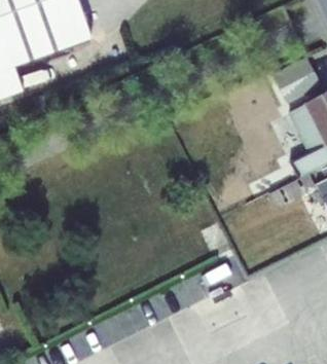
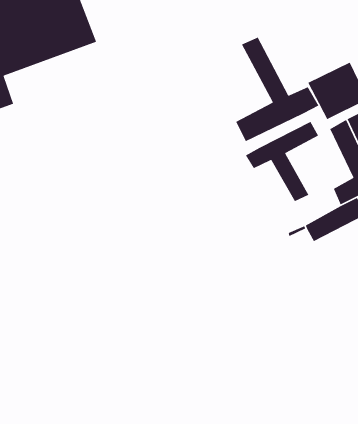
building: none -> [235,37,319,142]
building: none -> [245,121,319,202]

